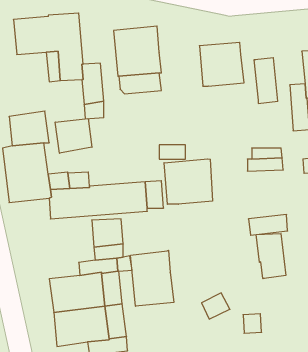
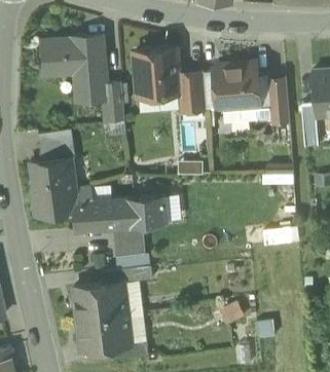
building: none -> [178,70,207,109]
building: none -> [224,73,271,120]
building: [55,119,92,153] -> none
building: [164,159,212,204] -> none
building: [256,234,286,279] -> none
building: [131,250,174,306] -> none

